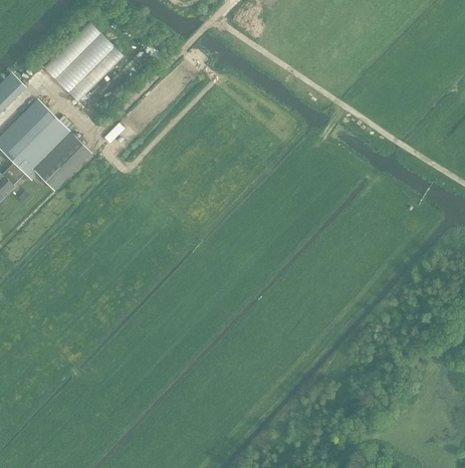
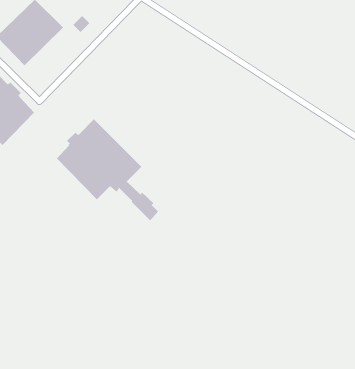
building: none -> [56,119,159,221]

